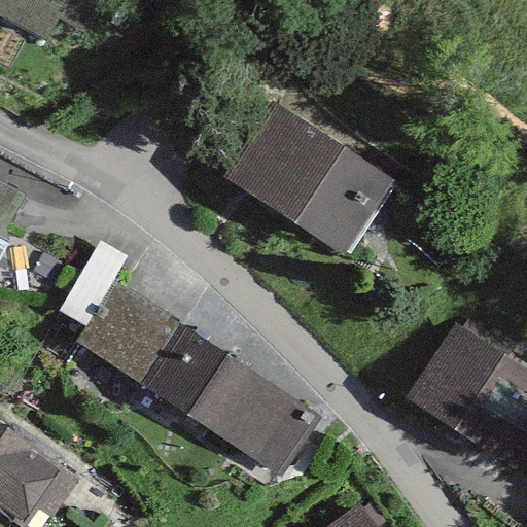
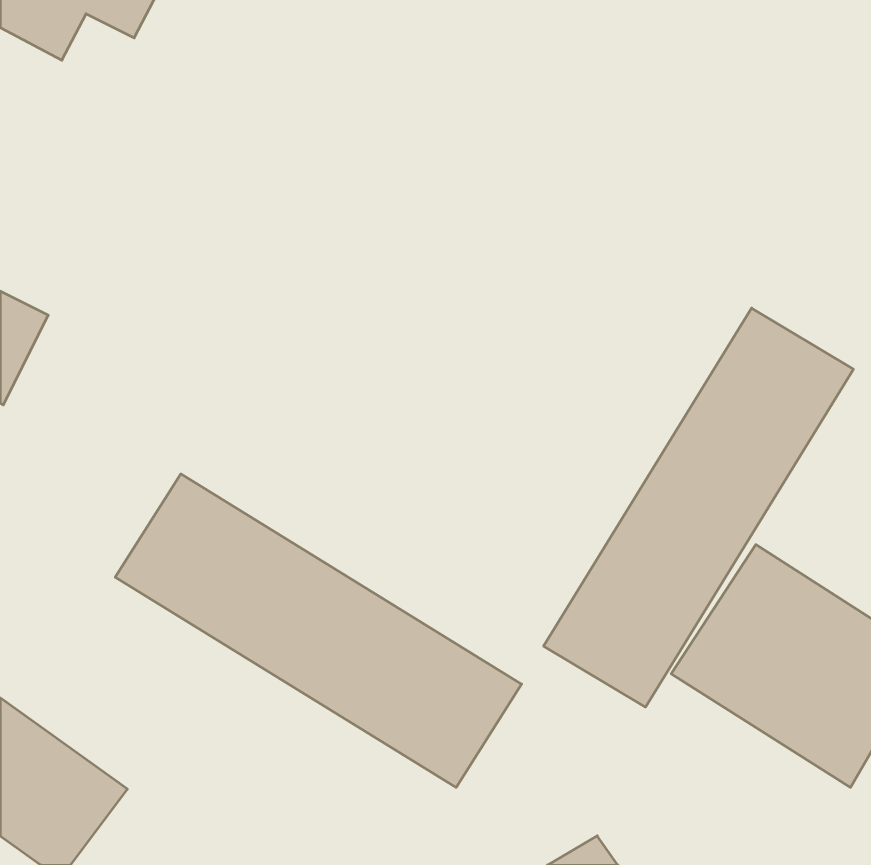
building: [224,101,391,249] -> none
building: none -> [544,308,853,707]

